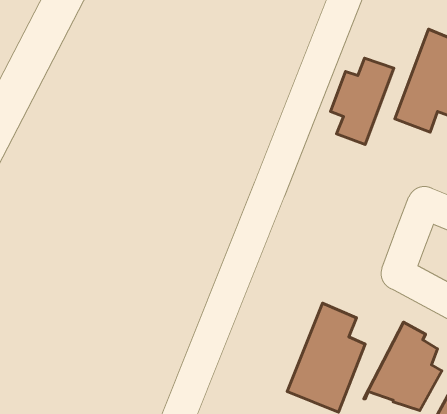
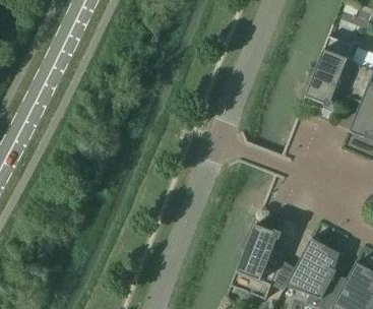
building: [330,58,394,145] -> none

